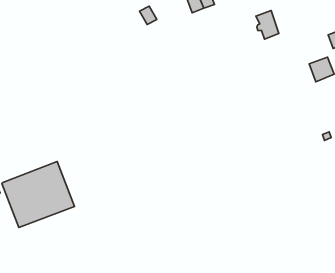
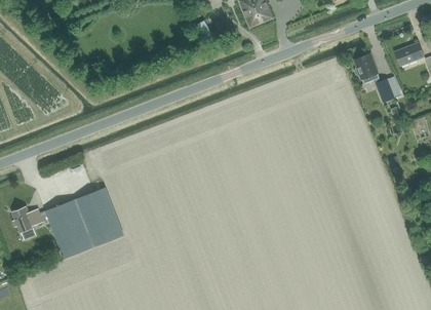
building: [256,10,279,39] -> [354,52,379,83]

